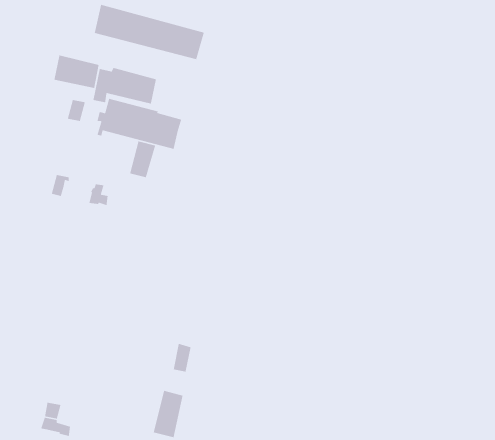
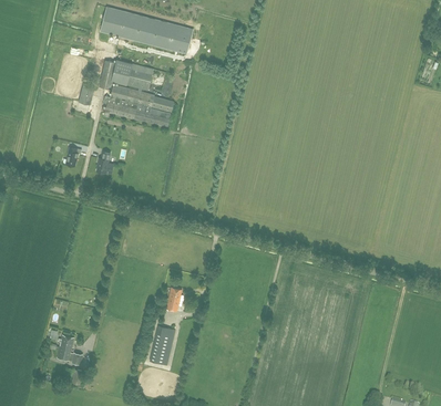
building: [53,54,100,89] -> none
building: [129,140,156,178] -> none

